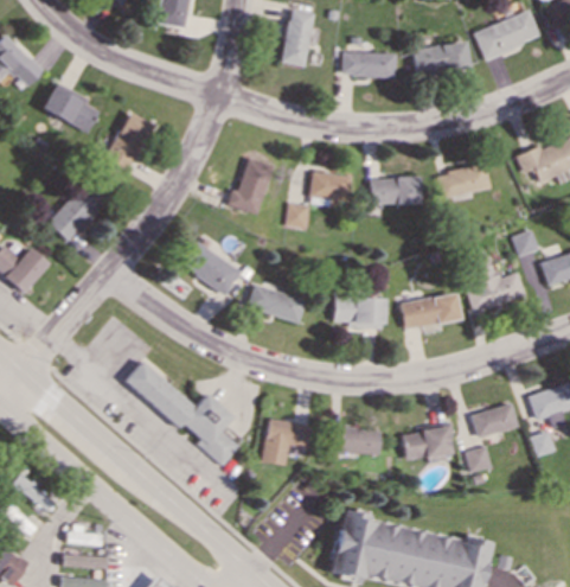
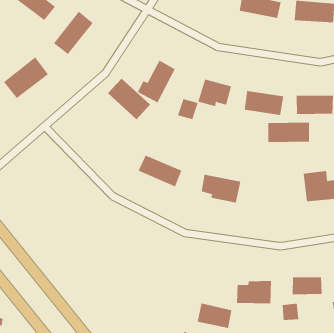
building: [180,242,241,294] -> [107,78,151,120]
building: [401,293,461,330] -> [267,122,310,143]
building: [124,362,238,465] -> none
building: [261,419,310,465] -> none
building: [335,427,379,454] -> [197,303,232,328]

